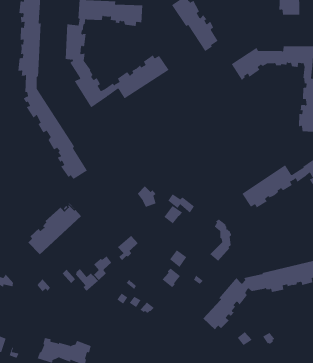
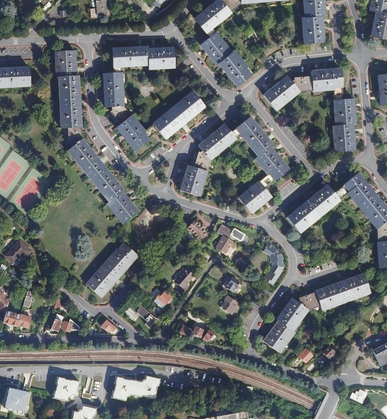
building: none -> [179,116,289,213]

